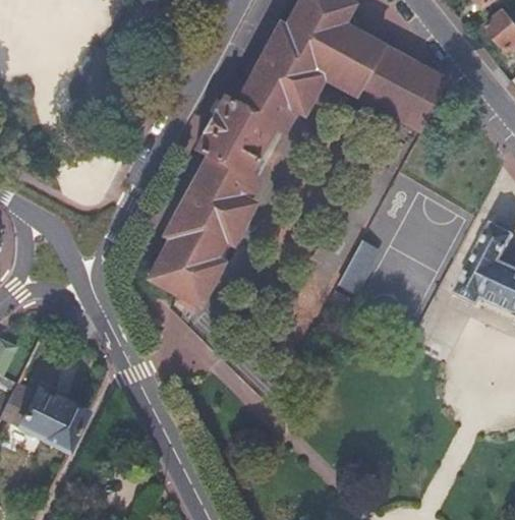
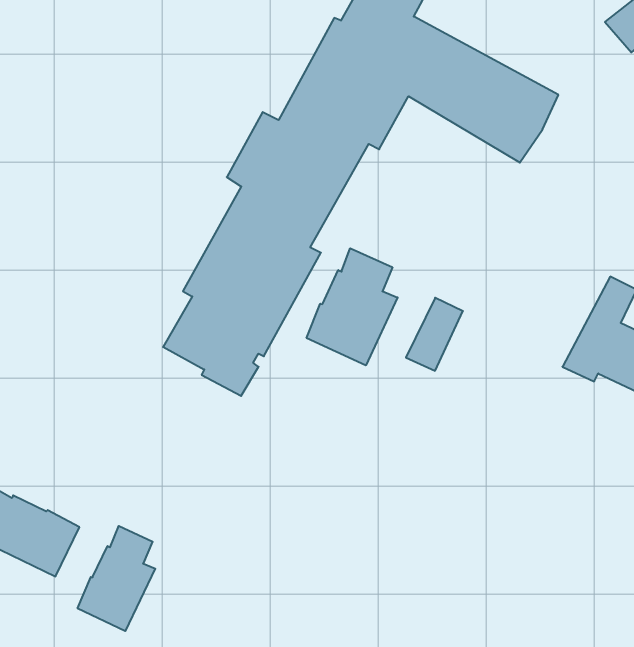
building: none -> [307,248,398,365]
building: none -> [78,526,155,631]

